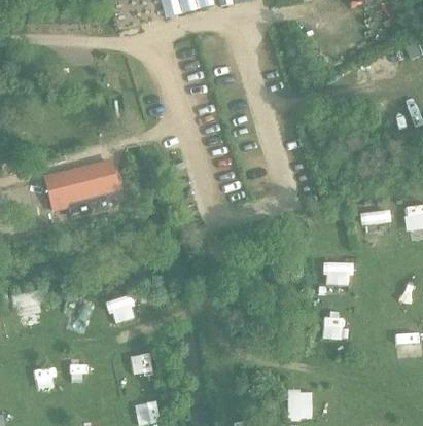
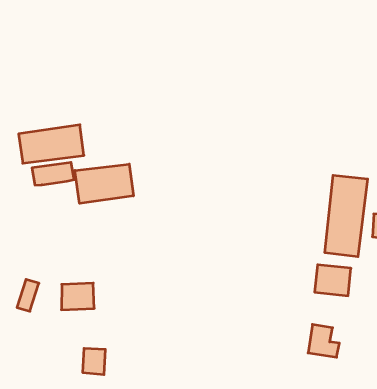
building: none -> [325,175,368,257]
building: none -> [75,164,133,203]

